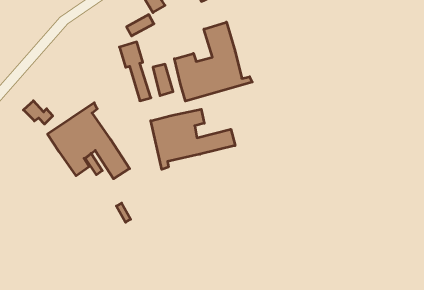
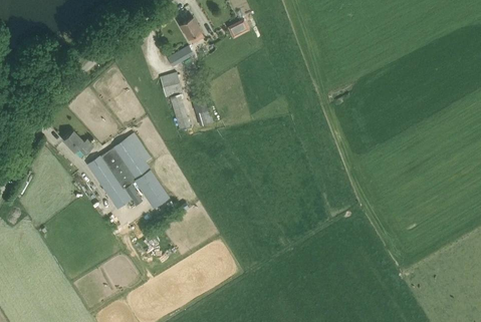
building: [174,22,252,101] -> none
building: [151,109,235,169] -> none

